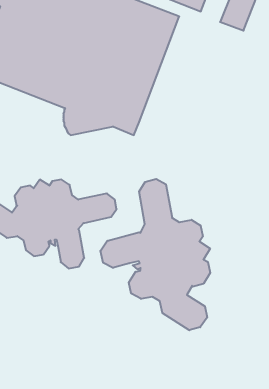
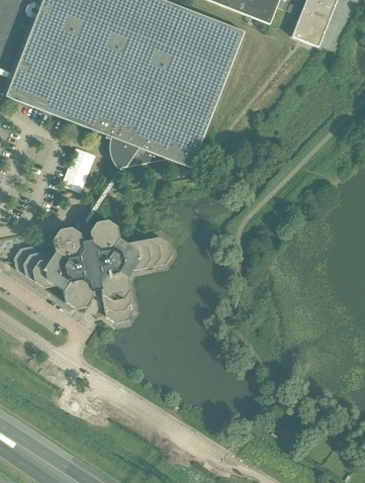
building: [100,179,210,330] -> none

